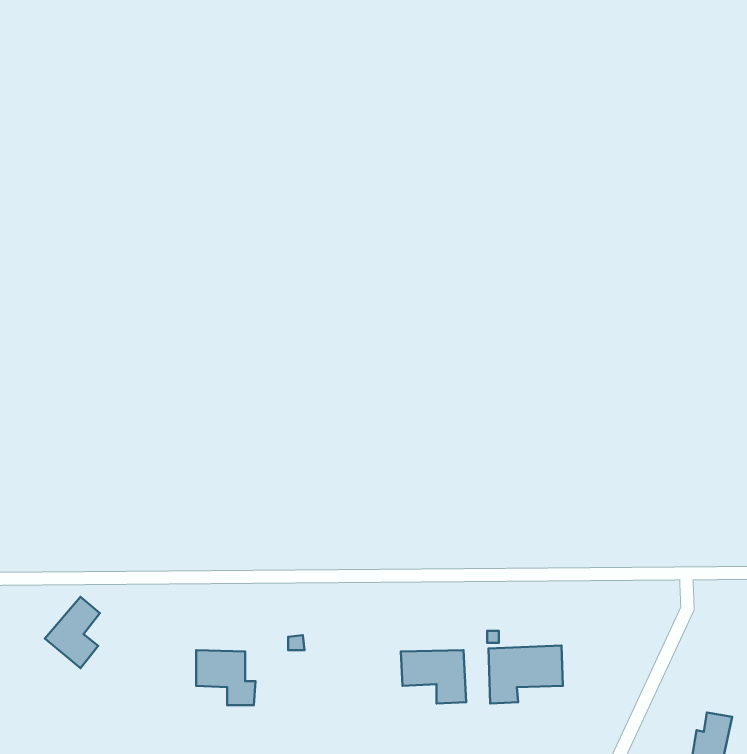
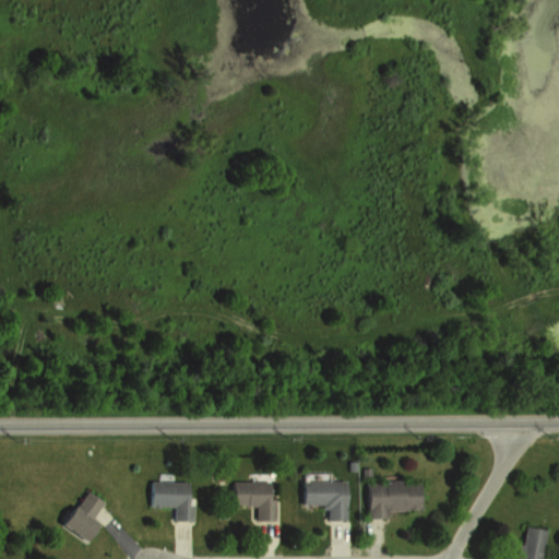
building: [45,597,100,668] -> [64,490,105,543]
building: none -> [236,481,282,521]

